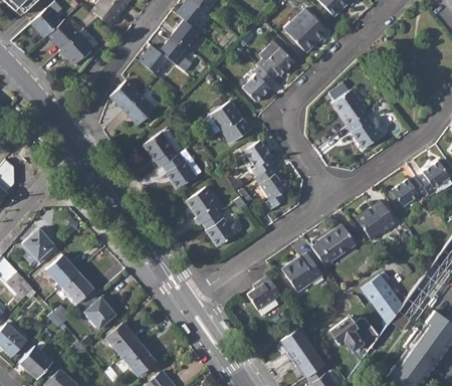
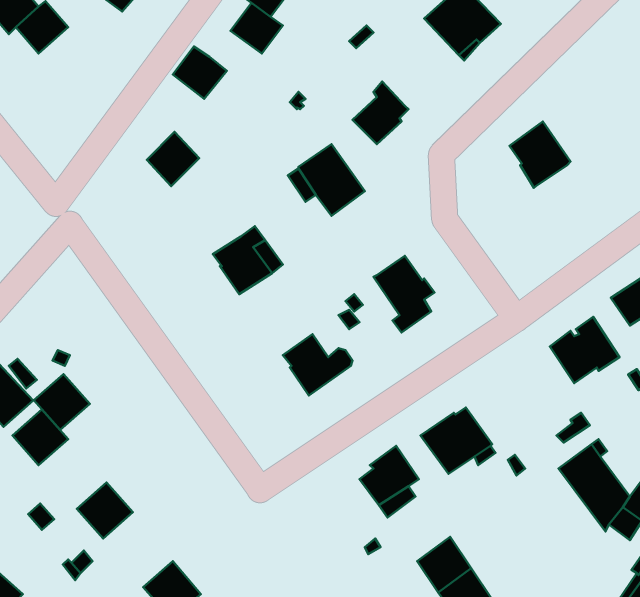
building: [61,28,97,63] -> none
building: [160,35,190,64] -> none
building: [257,40,294,78] -> none
building: [109,79,140,110] -> none
building: [348,113,387,148] -> none
building: [144,131,178,165] -> none
building: [244,139,274,176] -> none
building: [186,186,222,224] -> none
building: [312,223,357,266] -> none
building: [61,270,93,303] -> [34,374,90,430]
building: [330,316,379,351] -> none
building: [105,322,139,356] -> none

